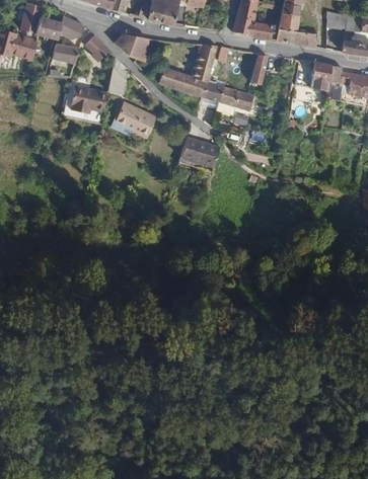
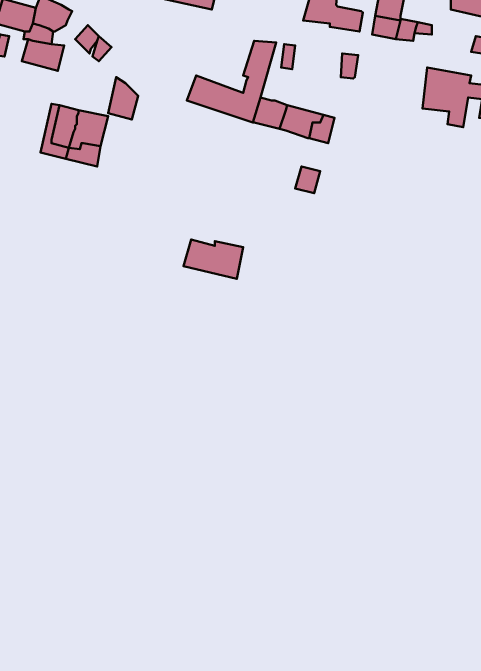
building: [114,32,146,61] -> none
building: [115,103,154,138] -> none
building: [179,141,218,166] -> [183,239,243,279]

